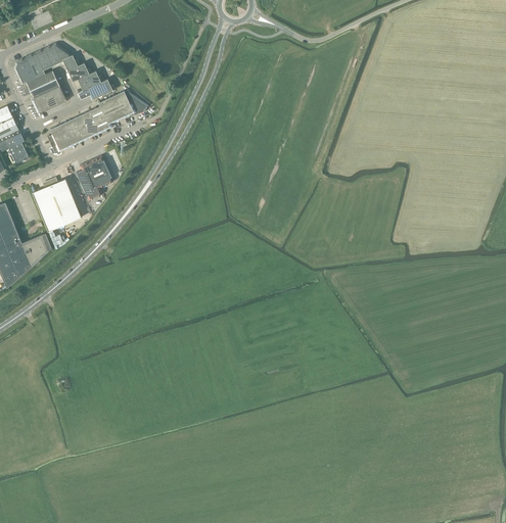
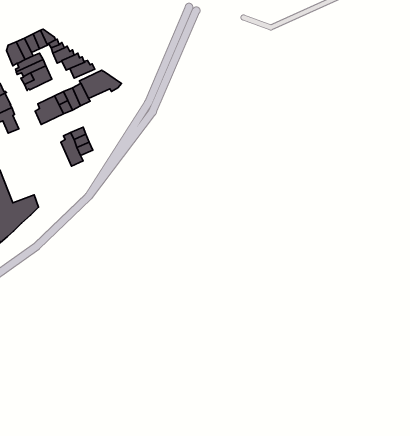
building: [32,179,81,232] -> none

